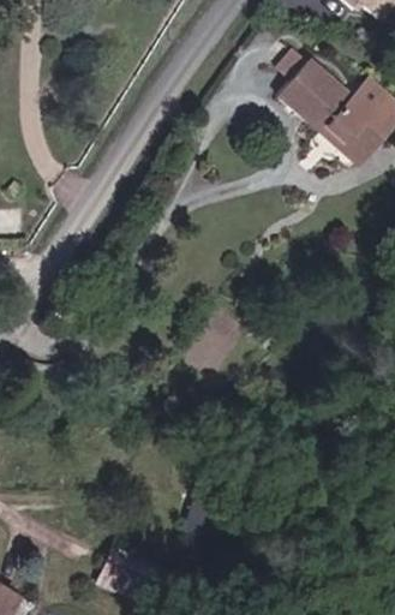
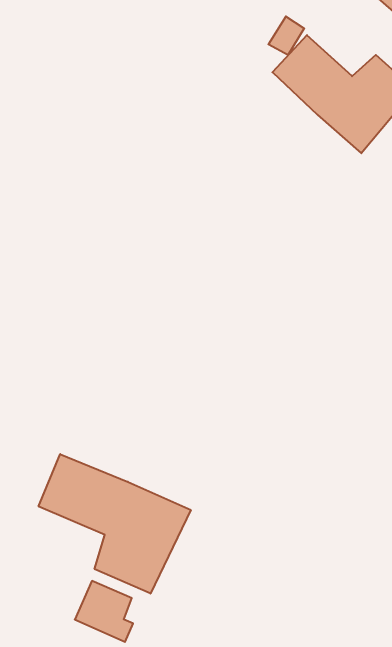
building: none -> [39,454,191,594]

